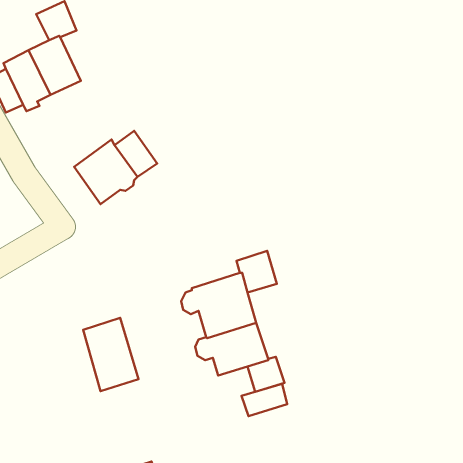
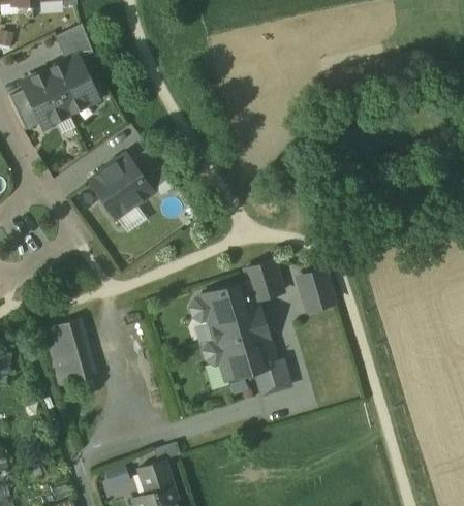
building: none -> [297,270,333,311]
building: [83,318,139,391] -> [48,317,100,386]
building: [242,384,287,416] -> none

